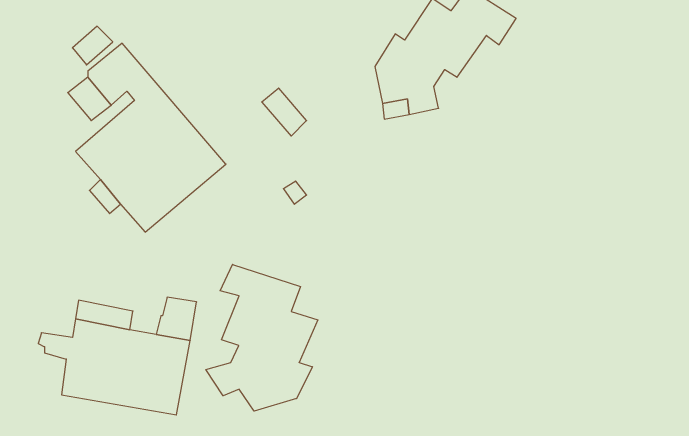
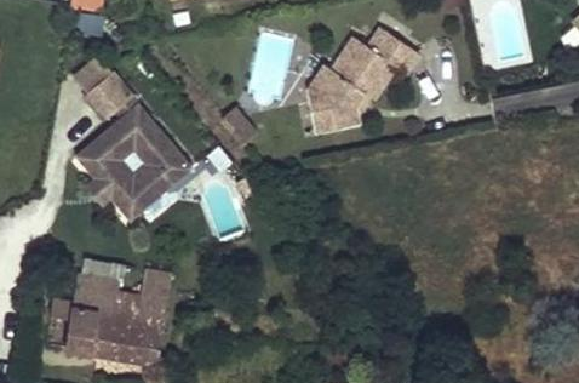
building: [206,264,318,411] -> none

